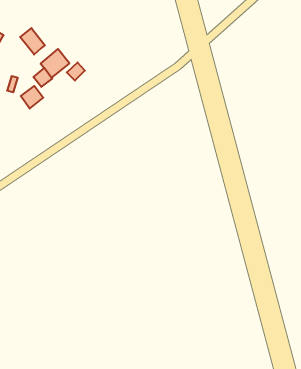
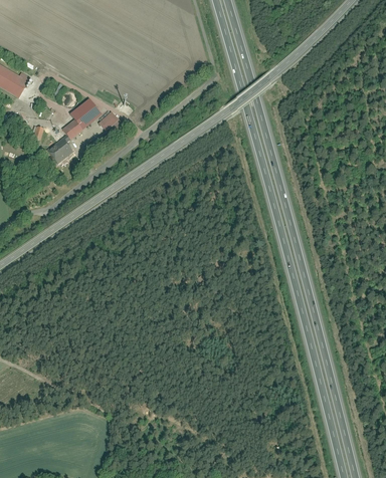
building: [20,28,45,55] -> none

